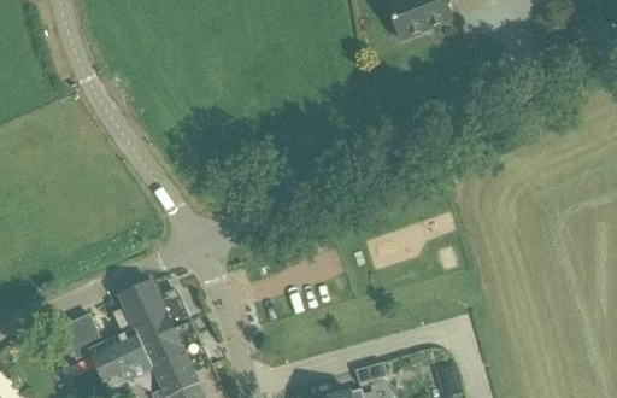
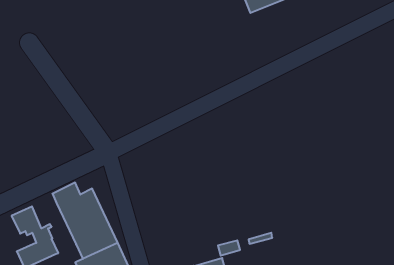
building: [113,309,153,380] -> none

